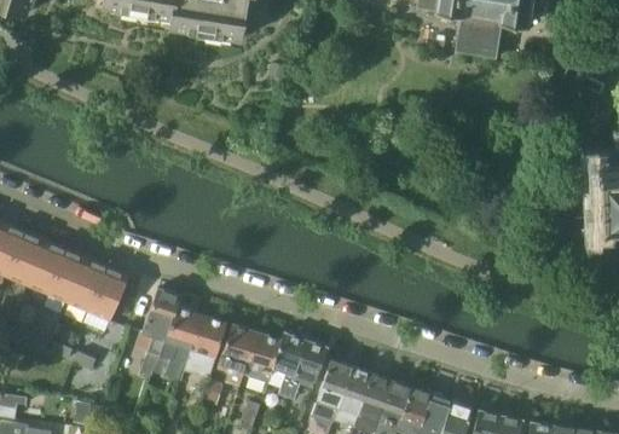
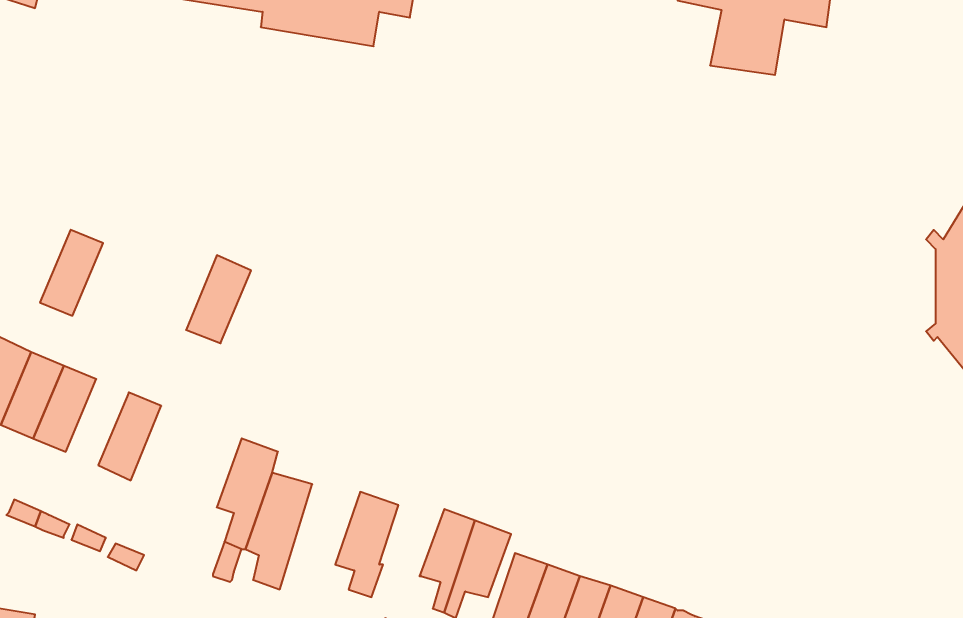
building: [47,249,87,303] -> [40,230,103,316]
building: [88,266,129,322] -> [186,255,251,343]
building: [183,316,227,386] -> none
building: [245,329,287,383] -> none

